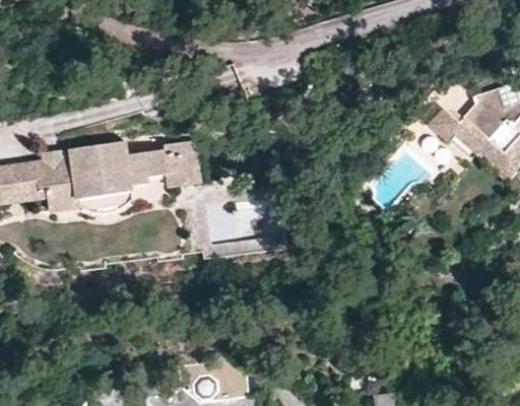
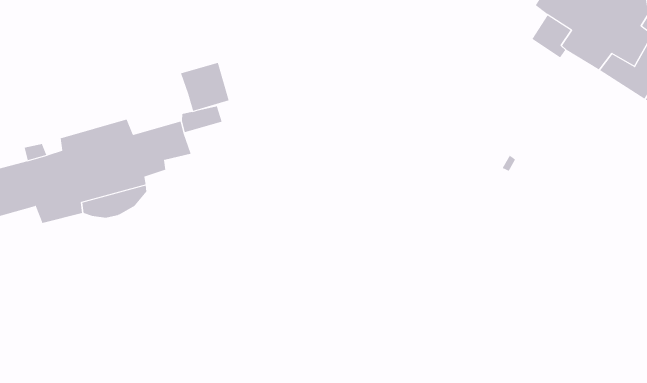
building: [162,154,196,188] -> [180,62,230,111]

